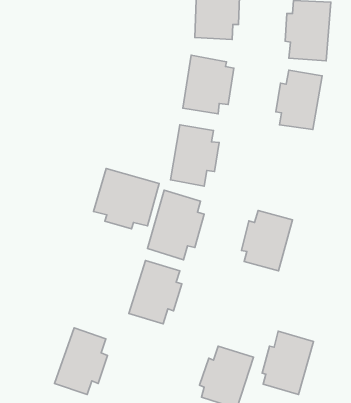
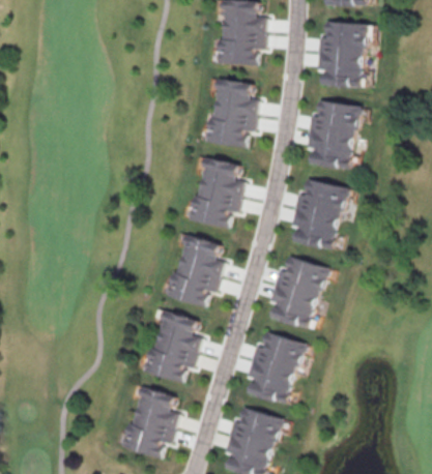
building: none -> [290,177,346,244]
building: [94,169,159,229] -> none
building: [54,328,108,395] -> [119,384,178,458]
building: [262,331,313,394] -> [248,329,305,399]

